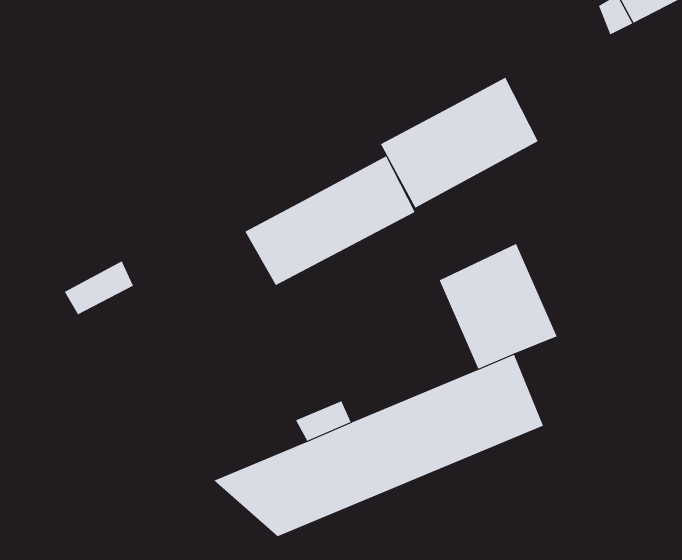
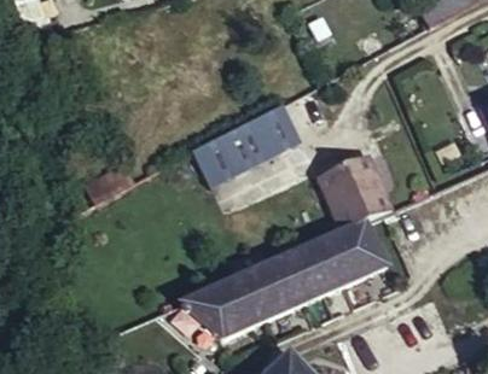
building: [380,77,538,208] -> none

